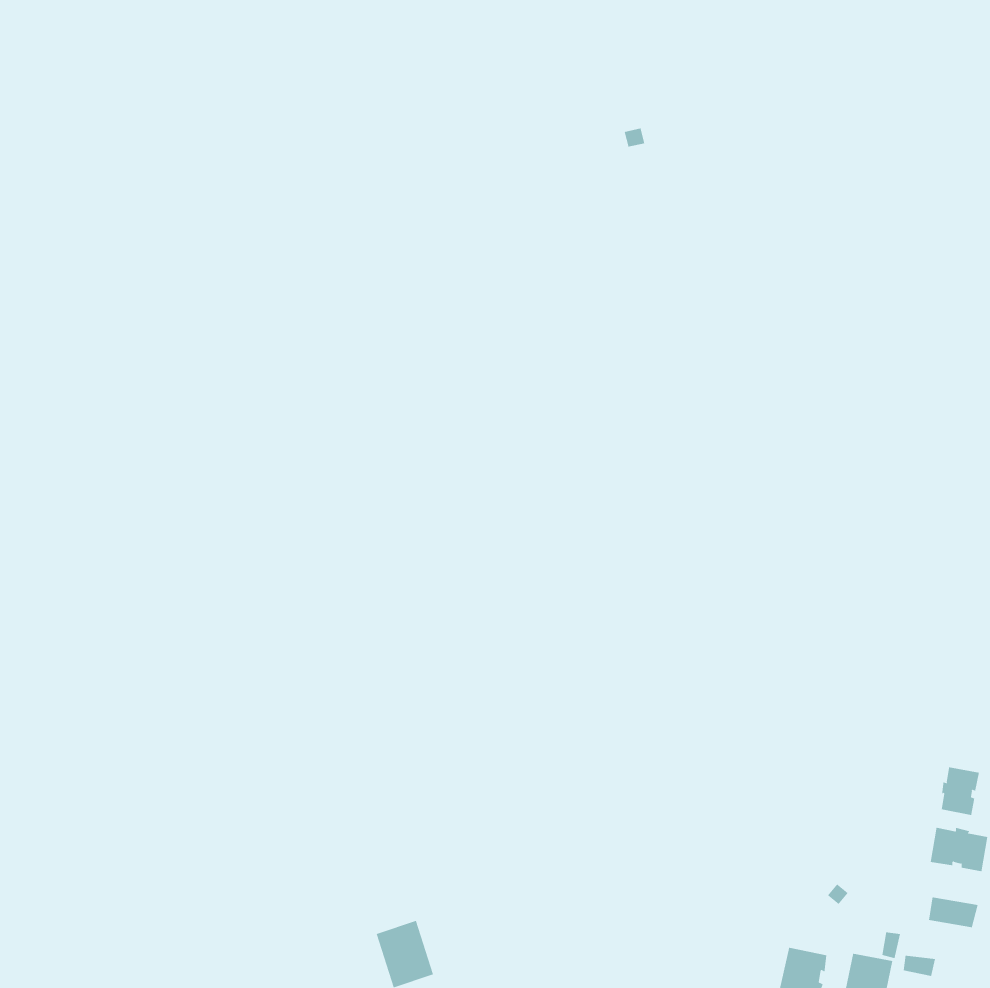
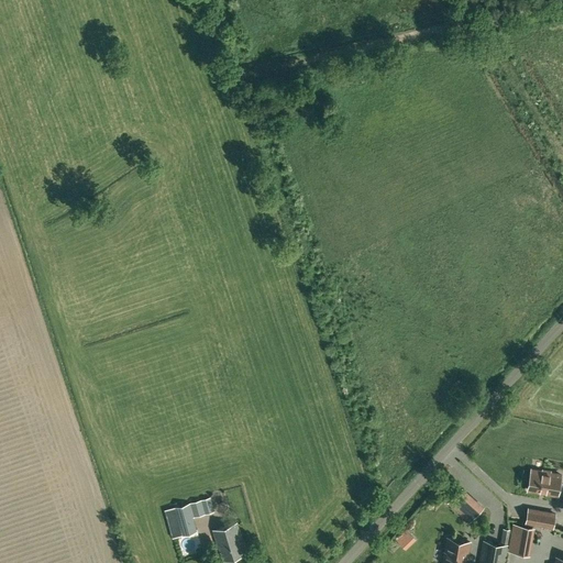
building: [941,766,979,816] -> none
building: none -> [165,498,214,539]

